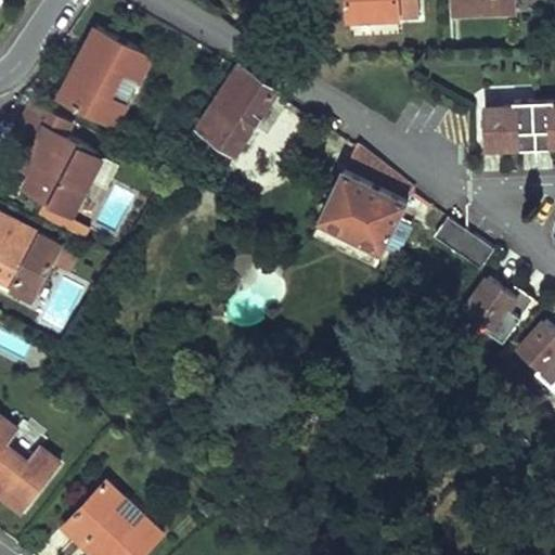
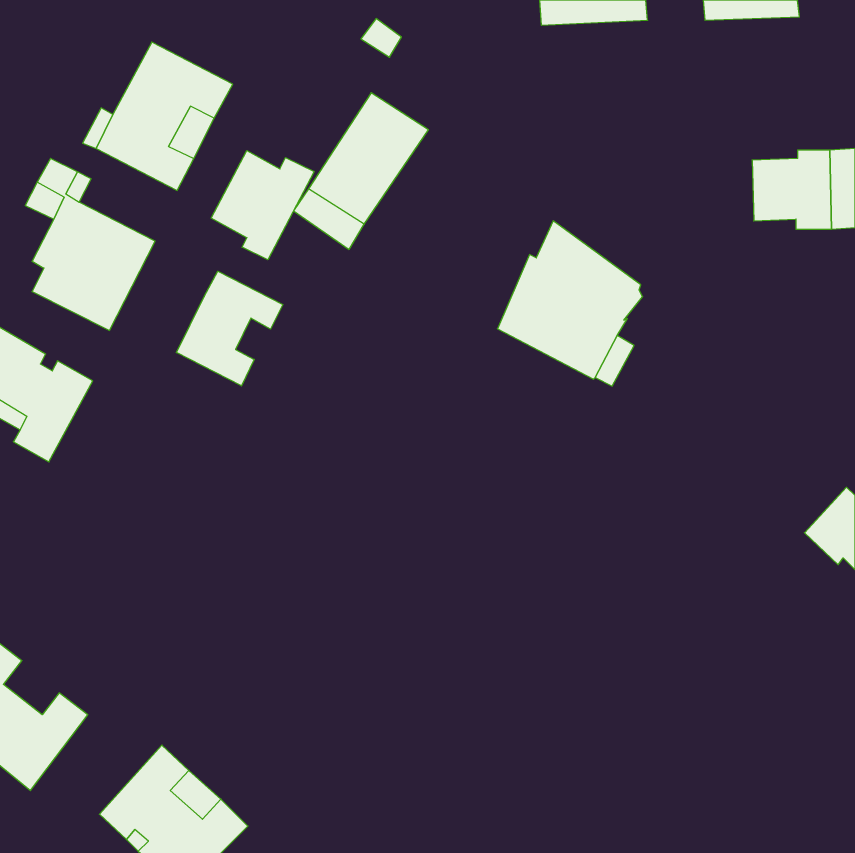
building: none -> [211,151,314,260]
building: none -> [176,271,283,386]
building: [433,218,492,270] -> none
building: [465,274,533,340] -> none

